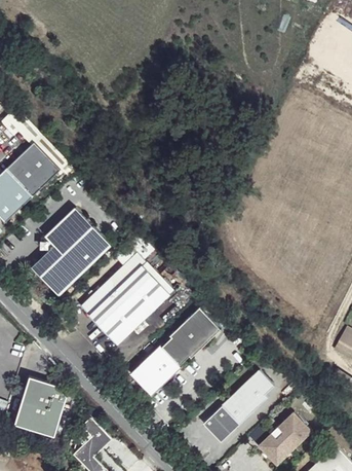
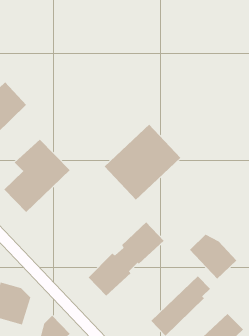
building: [80,252,171,342] -> [104,124,181,201]
building: none -> [189,234,237,279]

